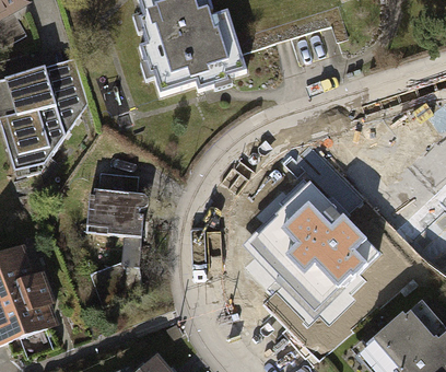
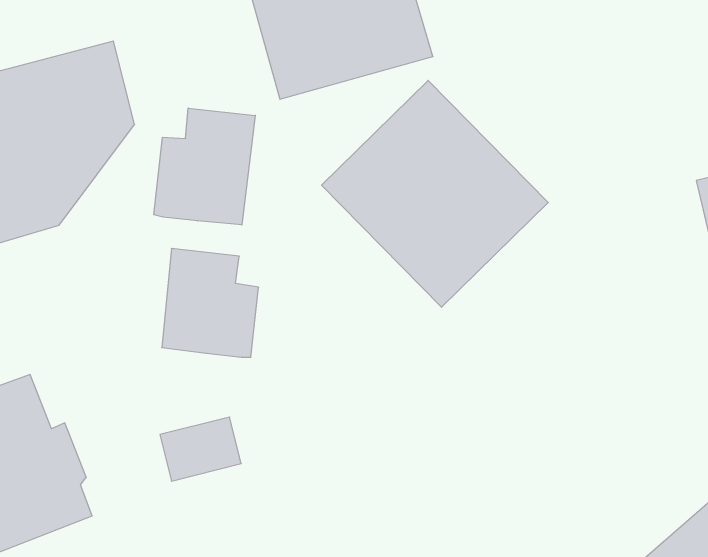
building: none -> [154,108,255,225]
building: [246,182,374,310] -> [322,80,548,307]

